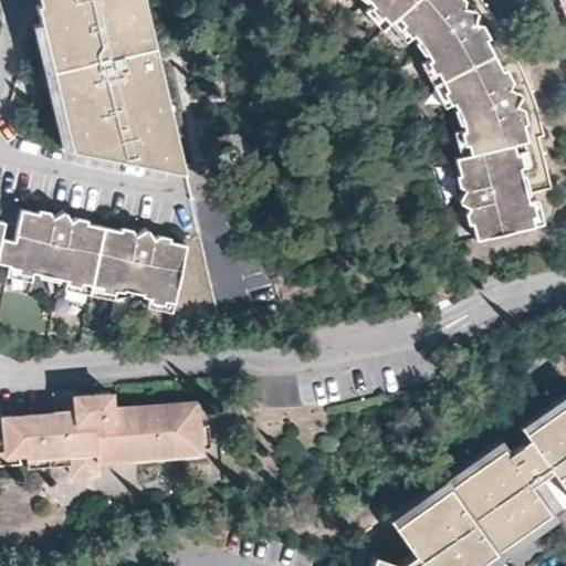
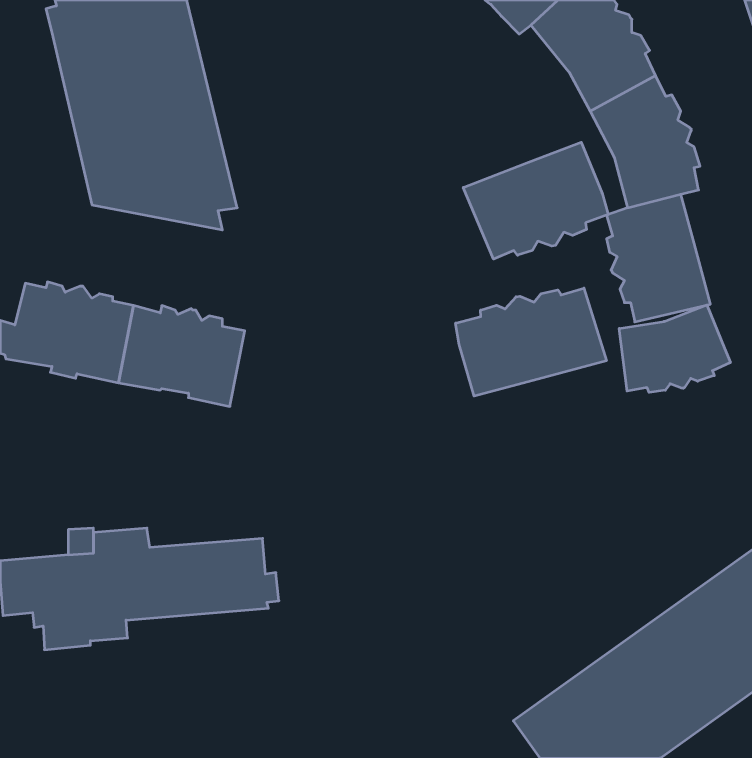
building: none -> [463,142,608,259]
building: none -> [456,288,606,396]
building: none -> [619,305,730,392]

